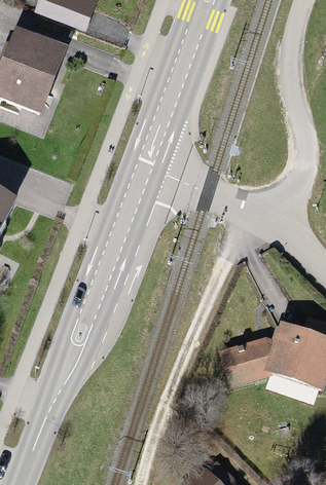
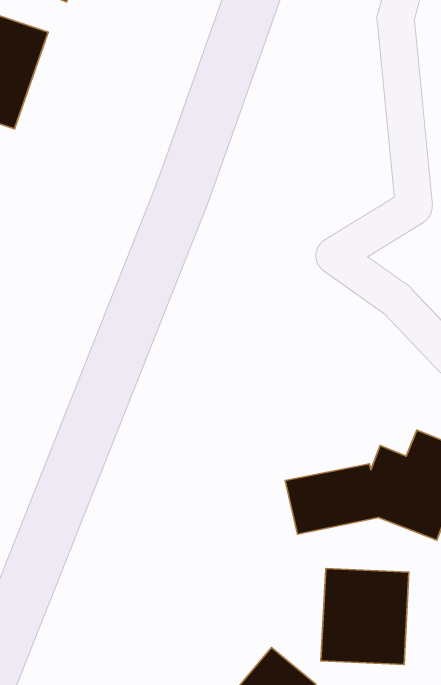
building: none -> [321,568,409,664]

